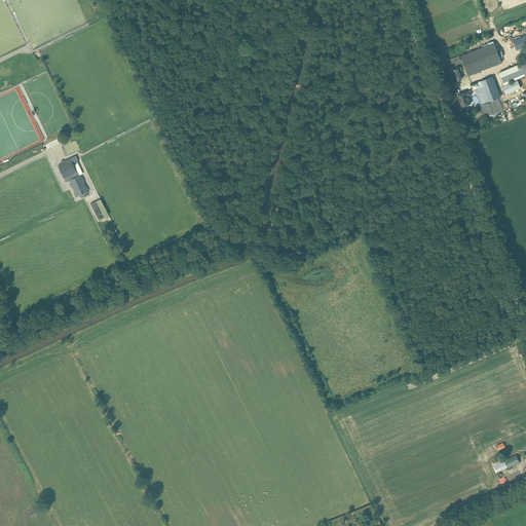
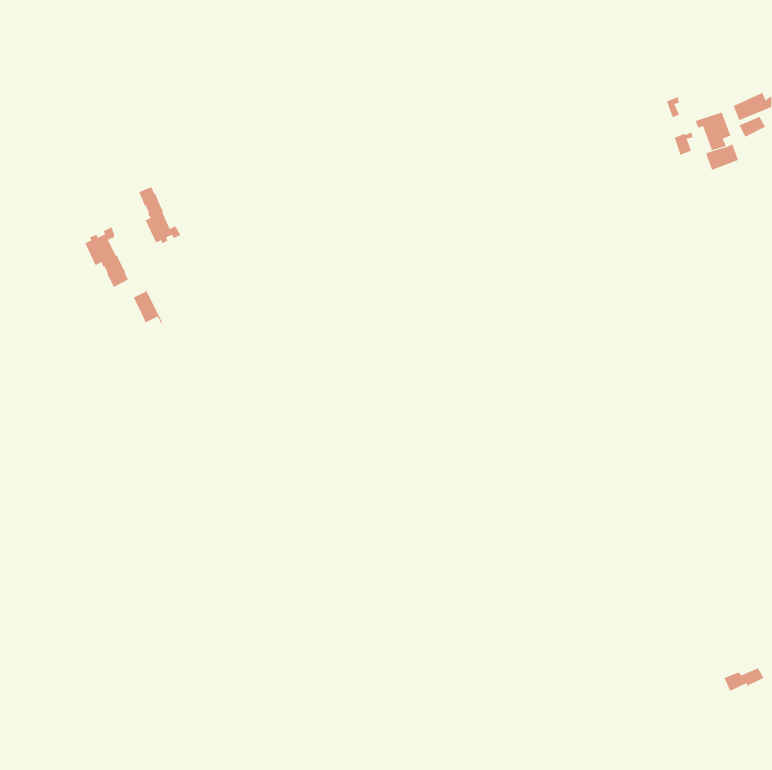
building: [461,42,502,74] -> none
building: none -> [137,186,181,244]

